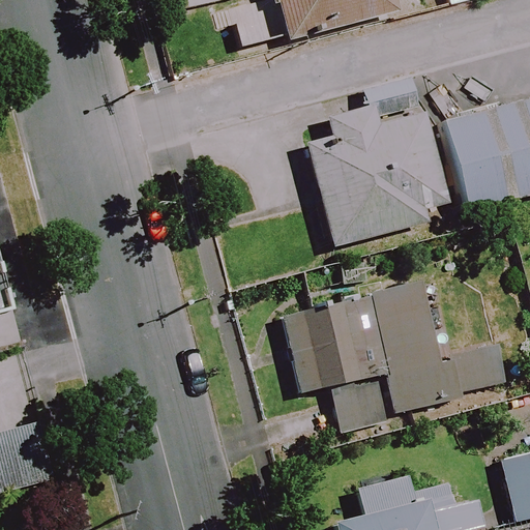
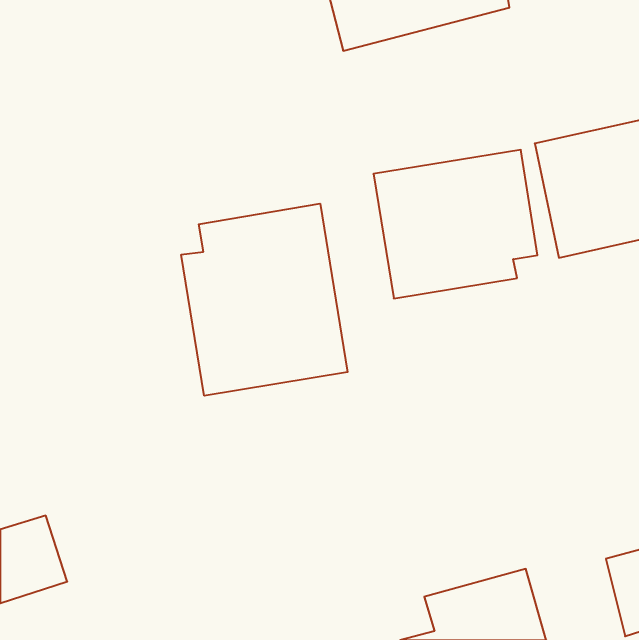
building: none -> [181,204,348,396]
building: [279,277,491,411] -> none

